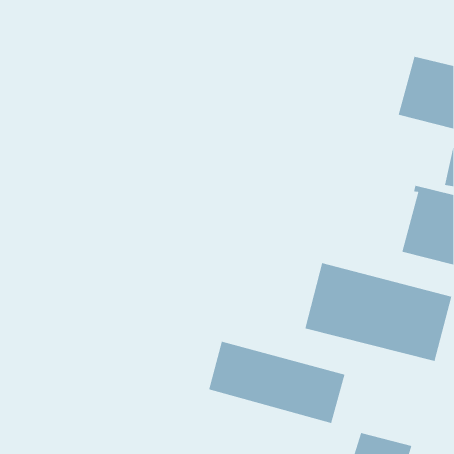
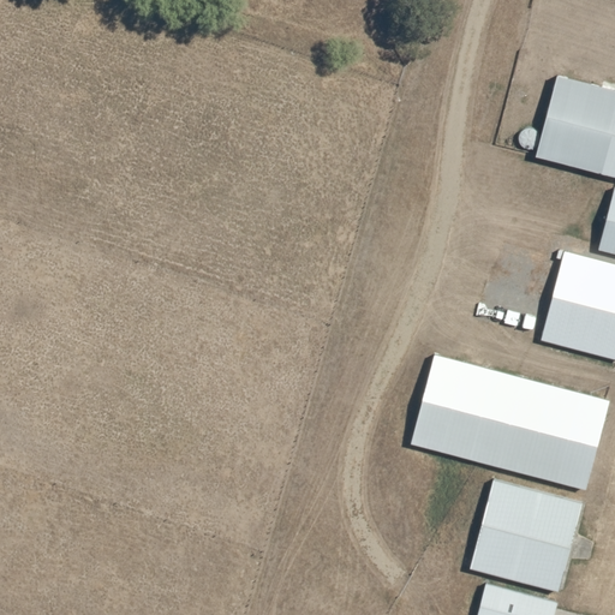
building: [208,341,345,424] -> none
building: none -> [470,480,583,592]

